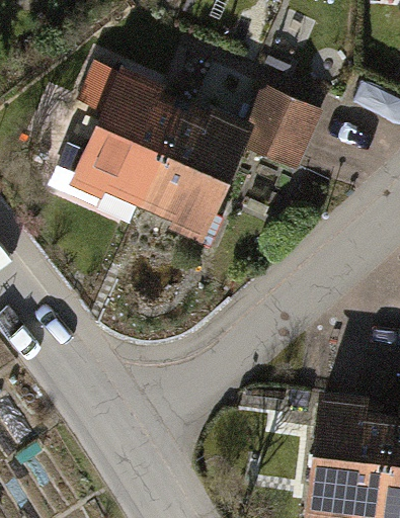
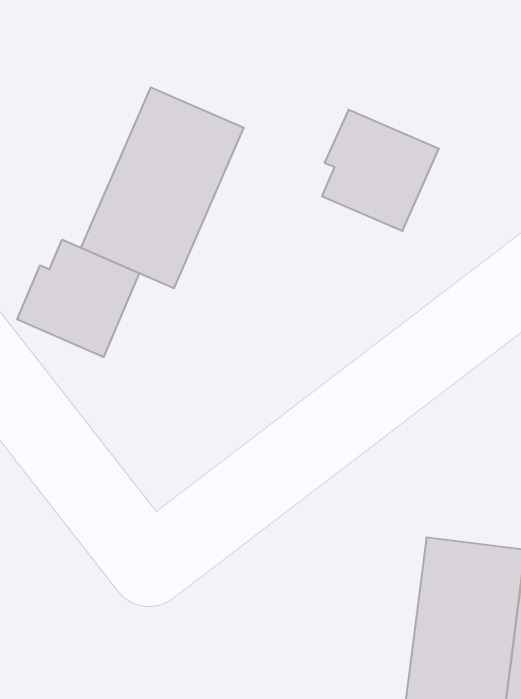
building: [137,98,253,243] -> none
building: none -> [17,240,139,357]

